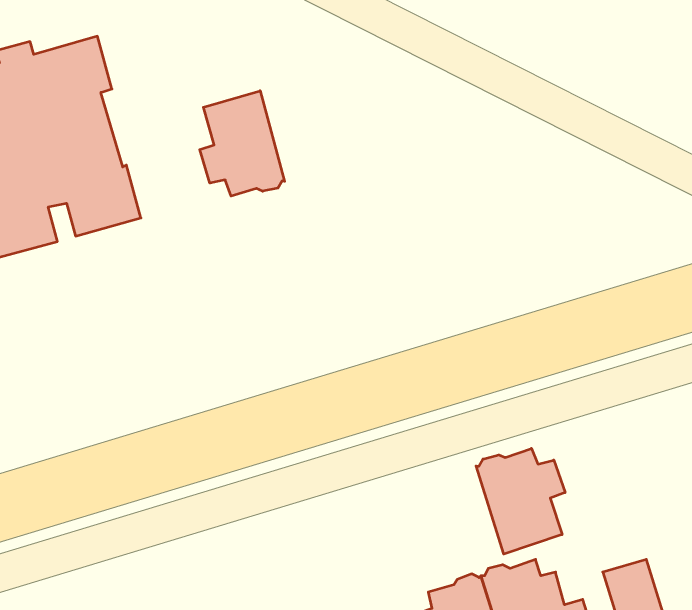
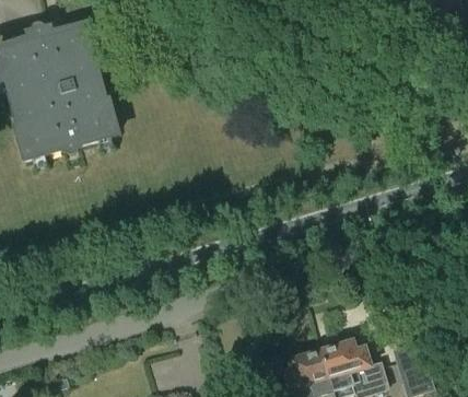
building: [200,91,285,196] -> none
building: [476,448,565,554] -> none

